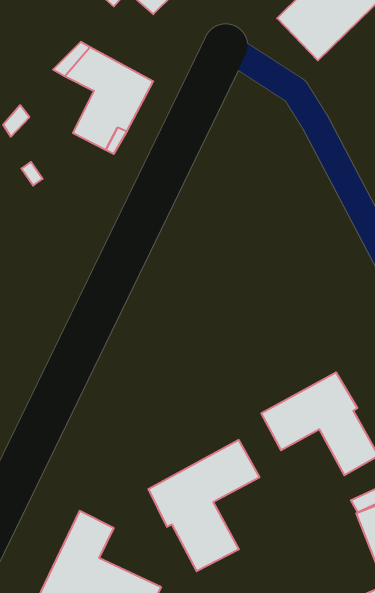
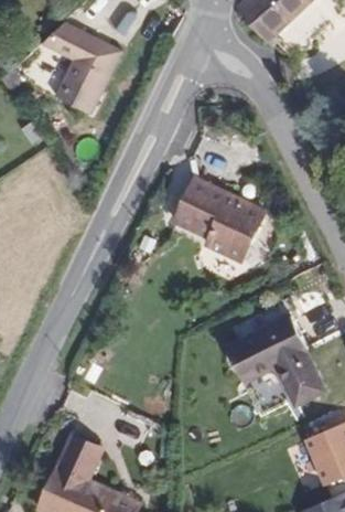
building: none -> [173,181,263,262]
building: [148,440,259,571] -> none

